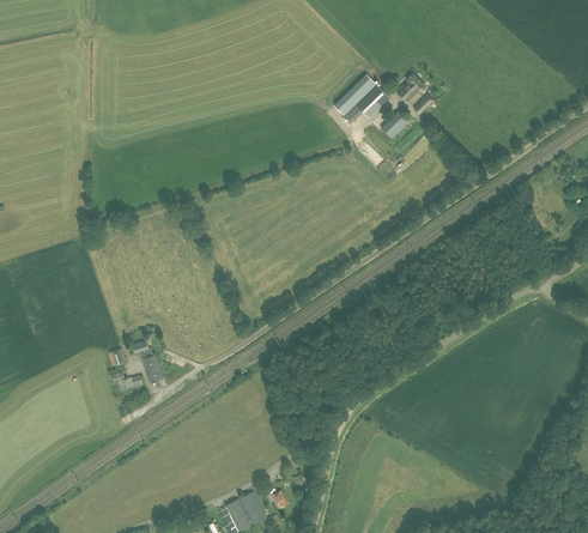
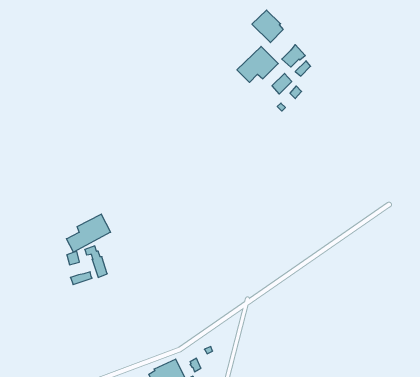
building: none -> [252,10,283,43]
building: none -> [66,214,111,252]

